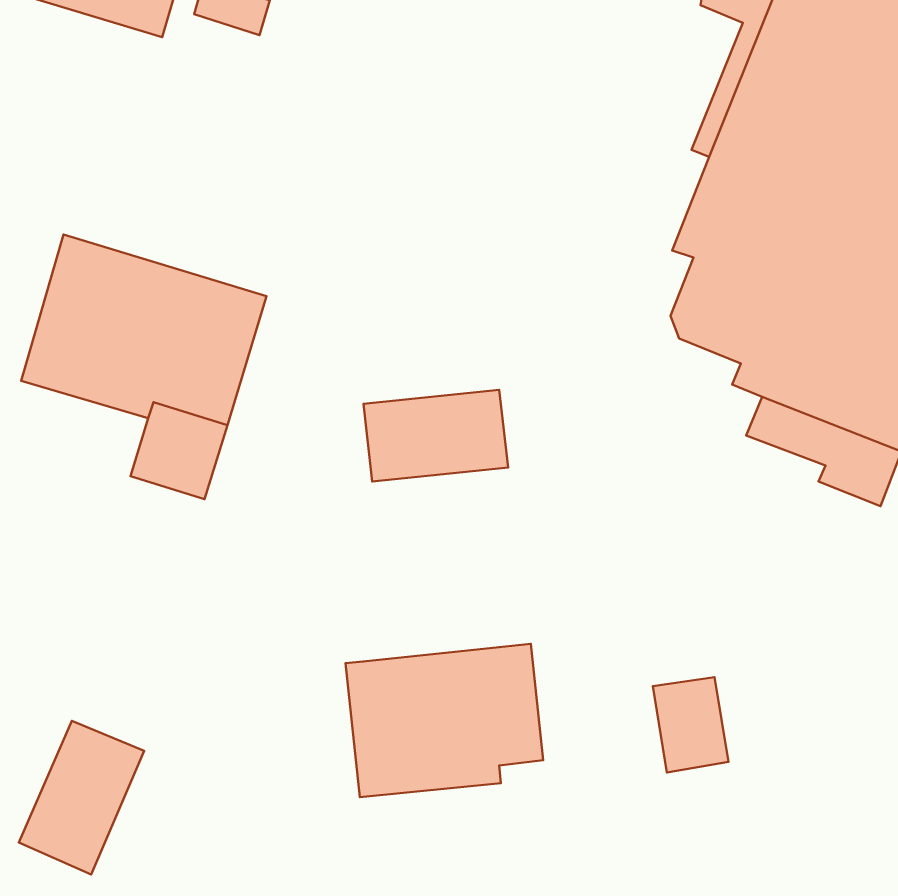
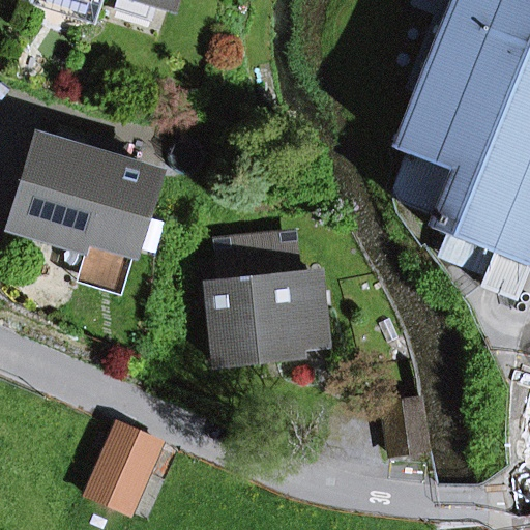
building: [346,644,543,797] -> [210,272,326,362]
building: [19,721,144,874] -> [89,422,163,512]

